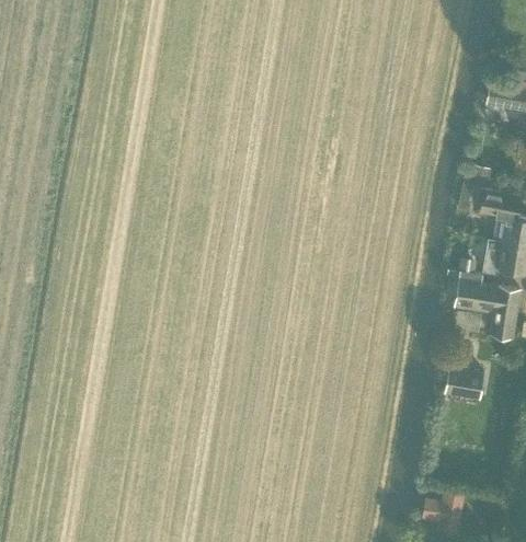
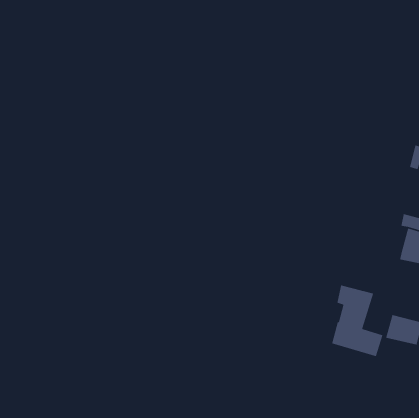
building: none -> [331,284,384,357]

